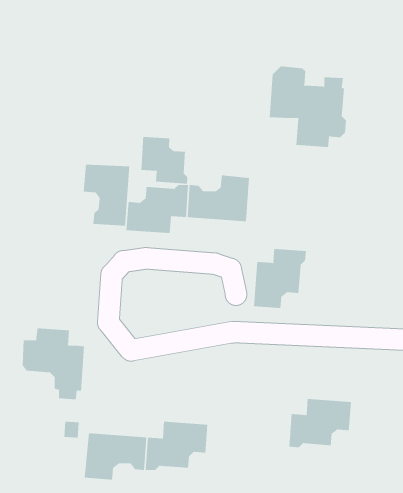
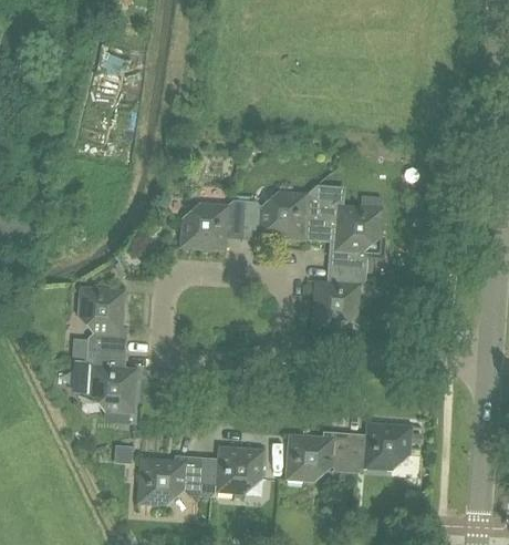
building: [269,66,347,147] -> [303,184,384,268]
building: [141,136,188,184] -> none
building: [83,164,130,226] -> [76,286,125,350]
building: none -> [283,432,349,481]

